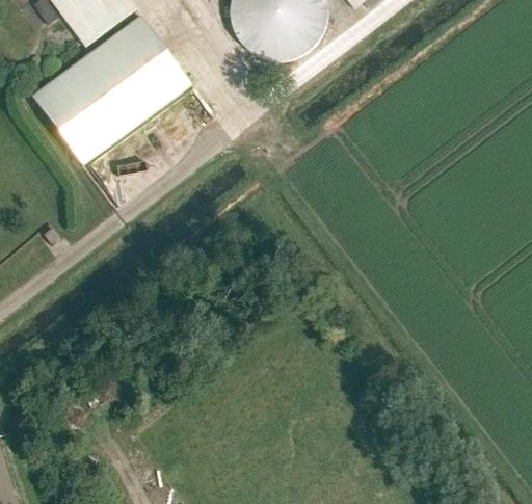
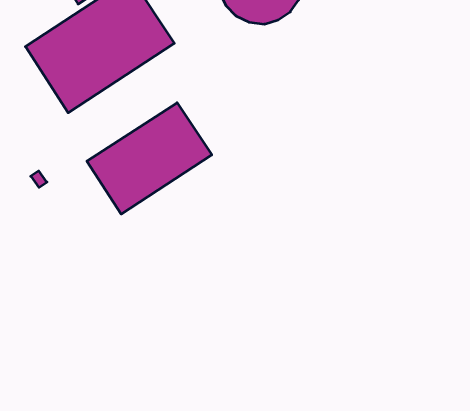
building: none -> [87,103,212,214]

